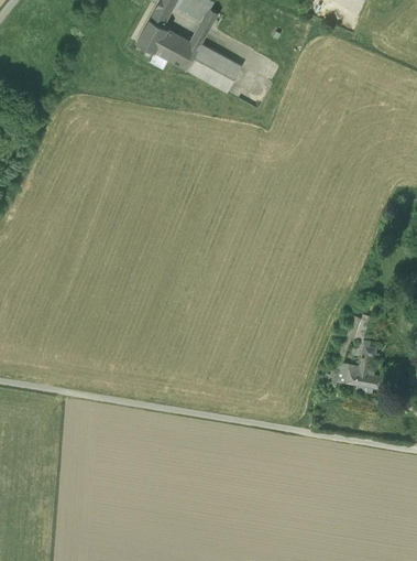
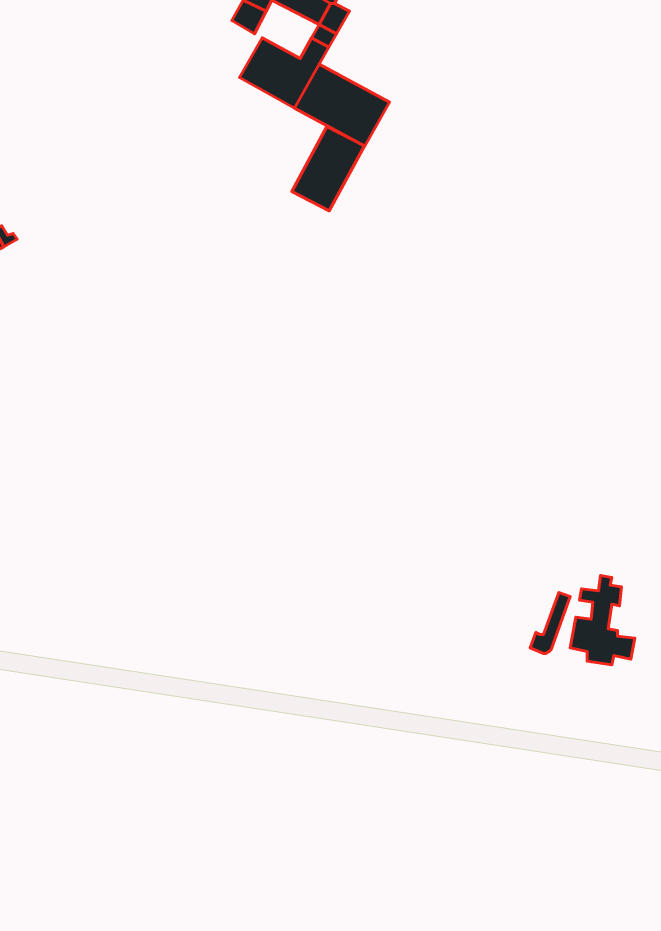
building: [138,20,168,53] -> none
building: none -> [292,127,364,211]

